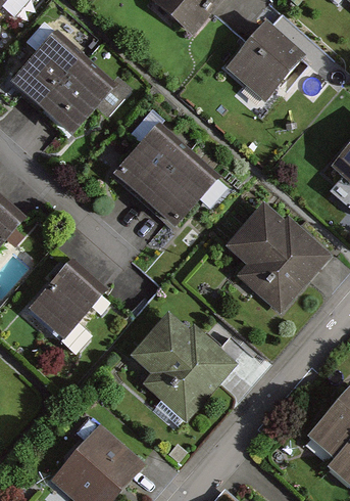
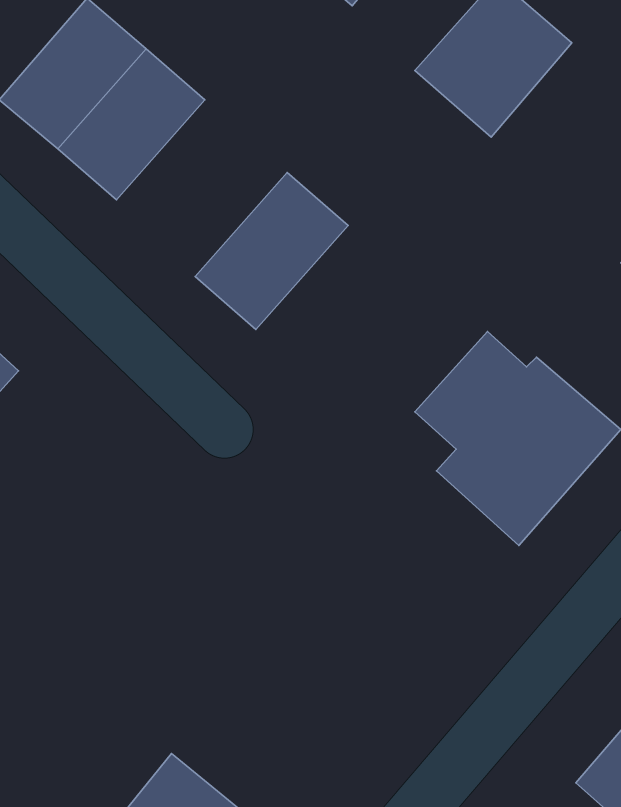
building: [143,147,222,229] -> none
building: [26,265,101,340] -> none
building: [129,311,237,420] -> none

